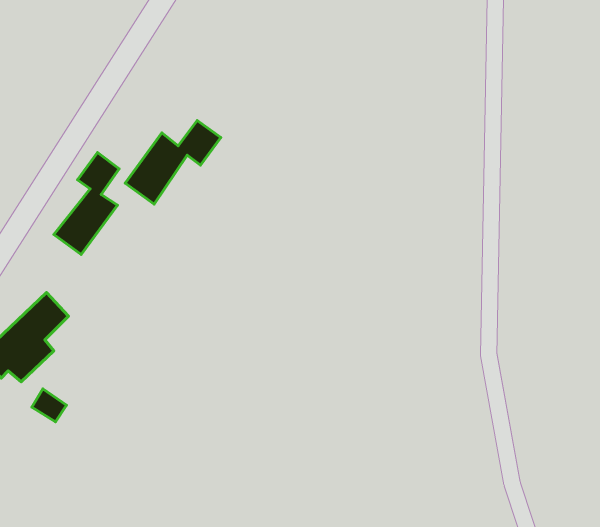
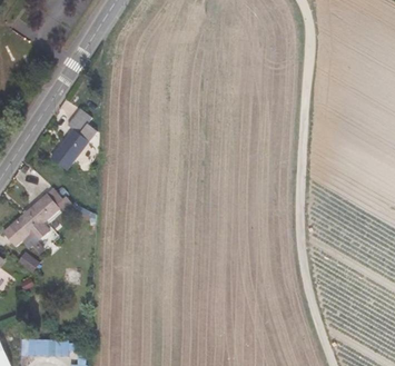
building: [125,120,221,204] -> none

